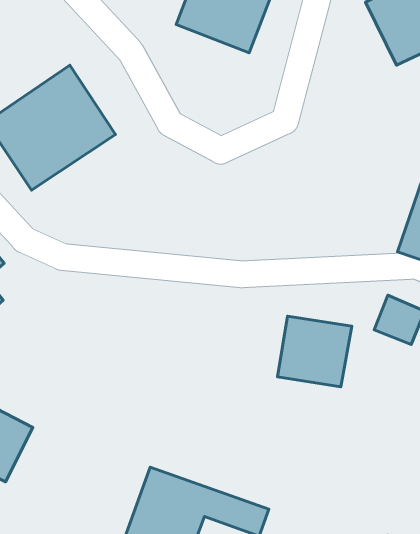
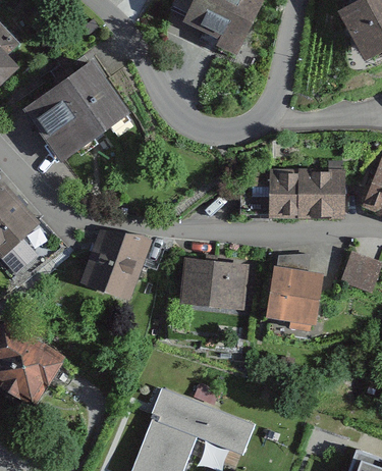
building: none -> [266,172,343,216]
building: none -> [81,230,155,303]
building: none -> [177,256,251,310]

